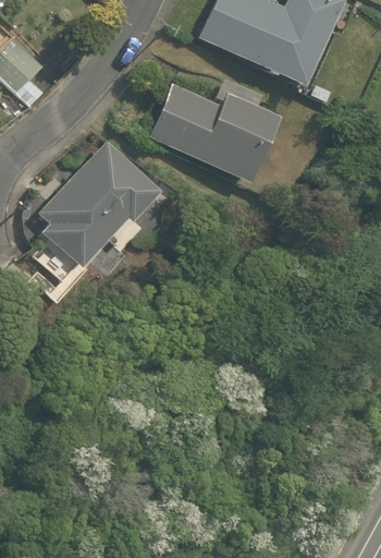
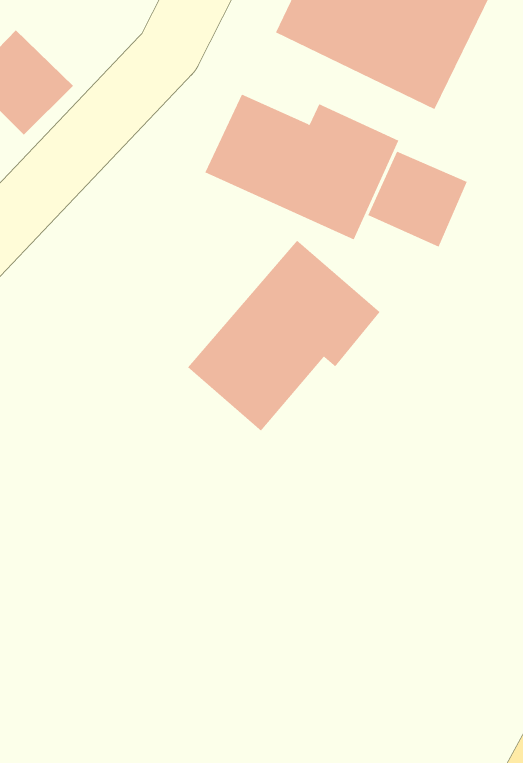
building: none -> [368,151,468,248]
building: [30,138,161,268] -> [187,240,381,431]

